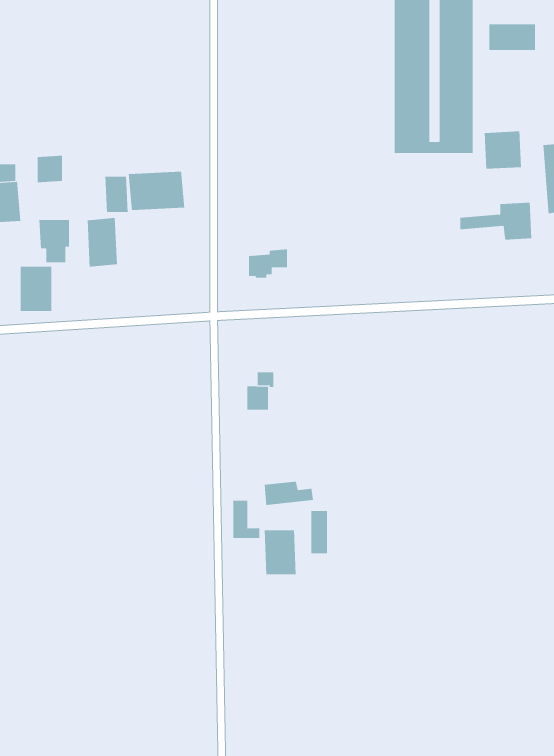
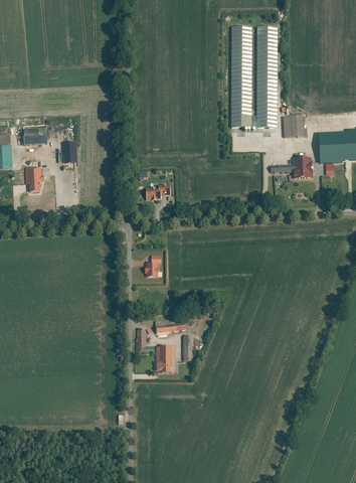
building: [489,24,536,51] -> none
building: [128,171,185,211] -> none
building: [87,217,117,268] -> none
building: [20,266,52,312] -> none

